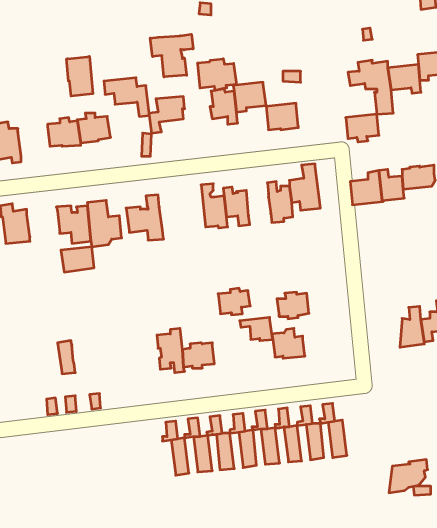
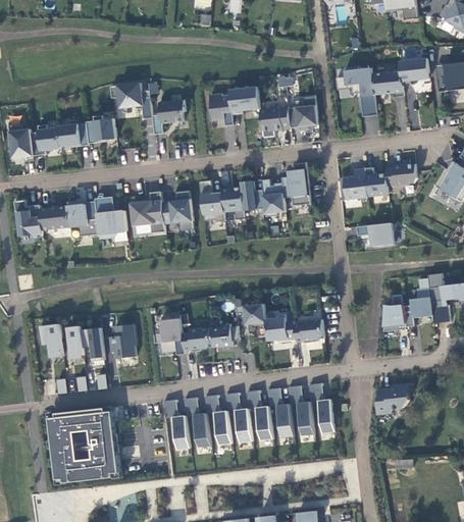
building: [150,34,193,77] -> none
building: [67,56,93,96] -> none
building: [198,59,237,90] -> none
building: [346,114,379,142] -> [288,105,318,130]
building: none -> [31,124,60,155]
building: none -> [241,180,264,210]
building: none -> [161,190,194,229]
building: none -> [356,223,394,246]
building: [61,247,94,272] -> [39,206,69,229]
building: [218,288,250,315] -> [210,323,240,348]
building: [277,292,309,319] -> [294,318,323,343]
building: none -> [40,323,62,354]
building: none -> [109,324,136,358]
building: none -> [81,327,104,358]
building: none -> [50,408,113,482]
building: [389,460,428,493] -> [375,383,411,414]

